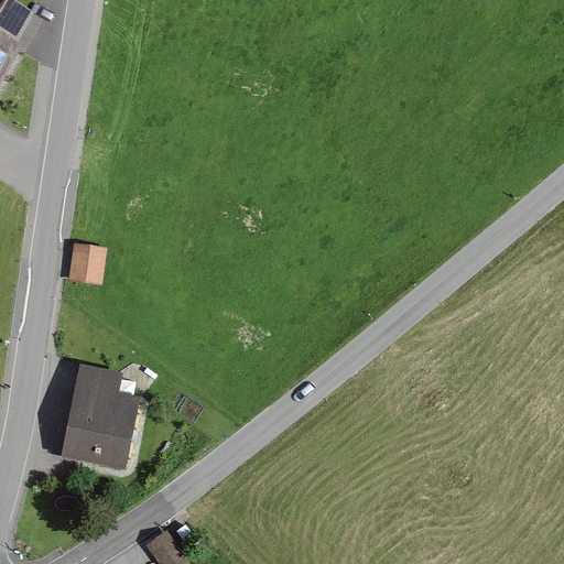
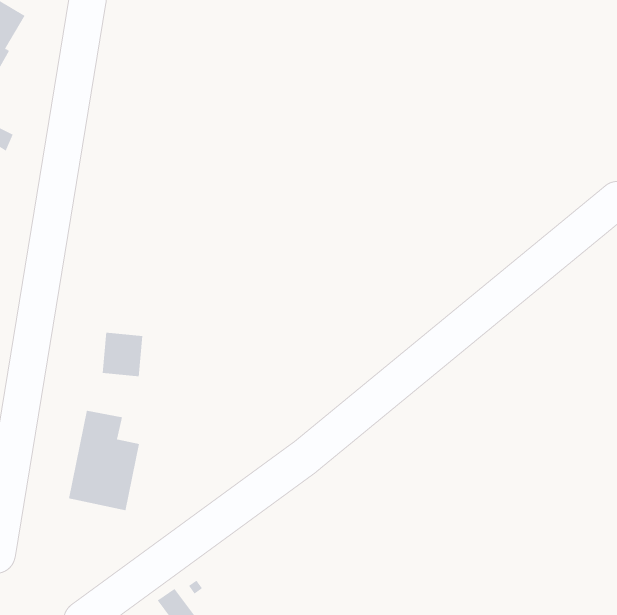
building: [69,240,107,281] -> [102,332,143,377]

